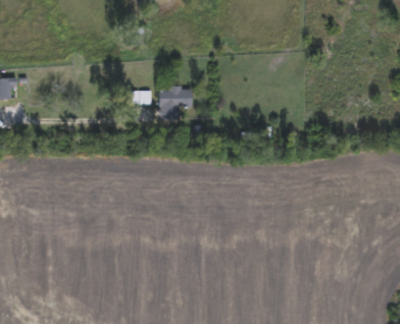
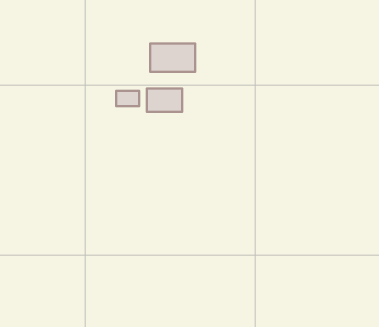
building: none -> [150,44,195,72]

